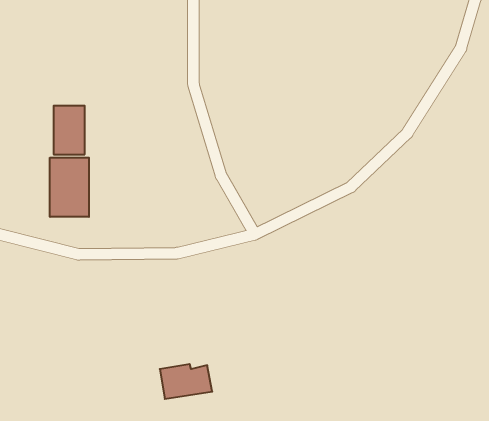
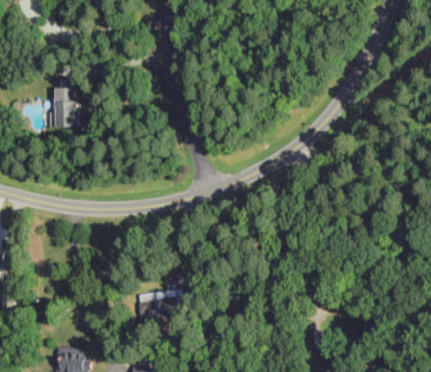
building: [50,158,89,217] -> none

